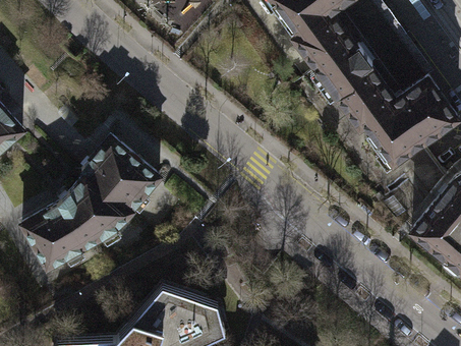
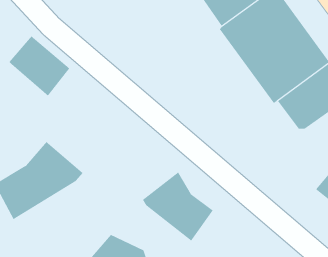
building: [85,139,160,213] -> [8,36,70,96]
building: none -> [142,172,213,241]

